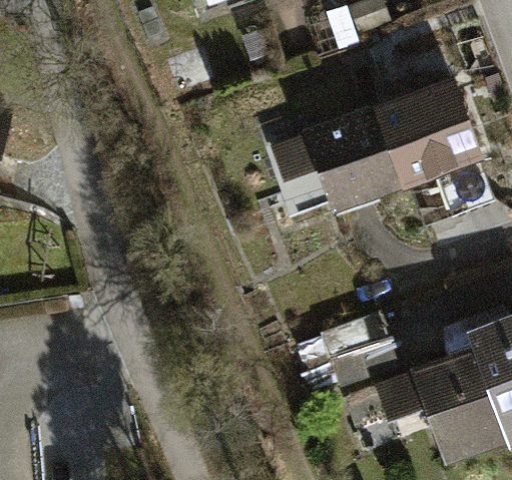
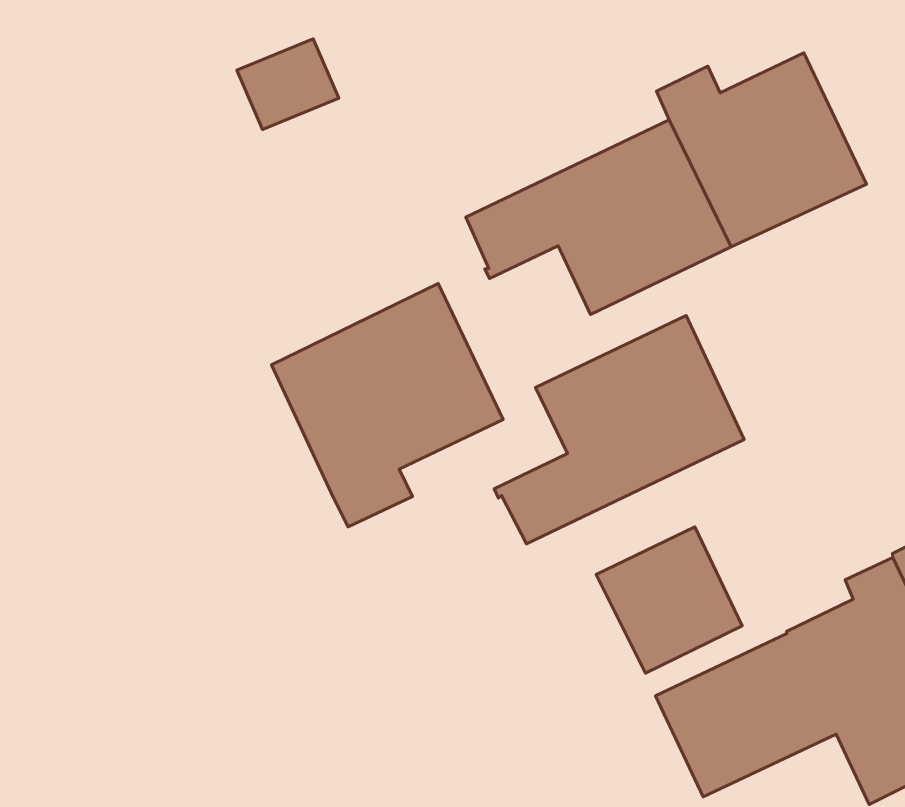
building: none -> [271,283,503,527]
building: none -> [494,316,744,544]

